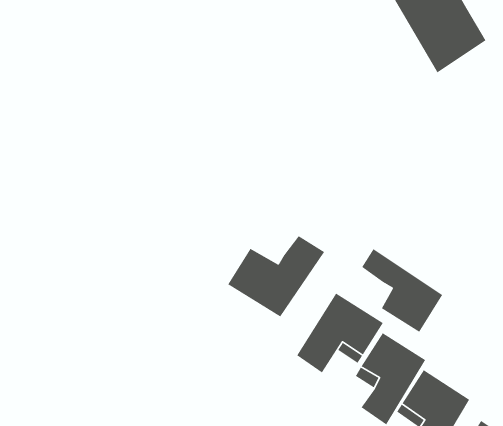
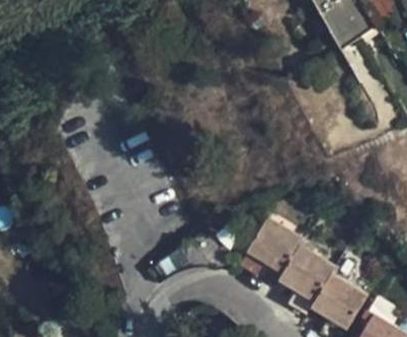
building: [227,235,325,318] -> none
building: [361,248,443,333] -> none

